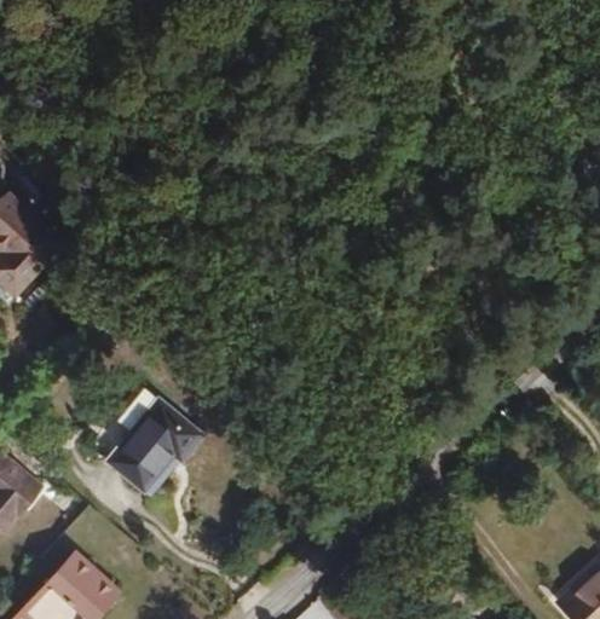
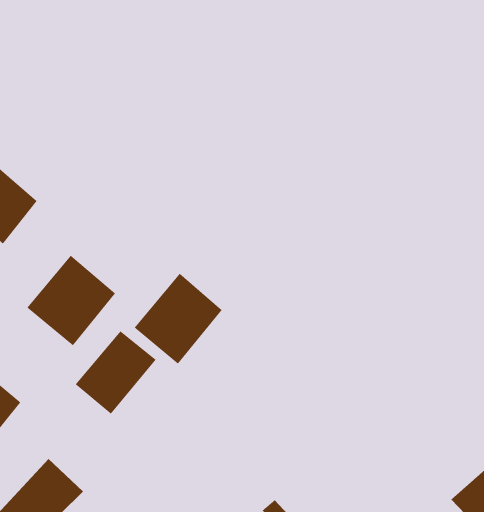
building: none -> [27,255,116,346]
building: none -> [134,273,223,365]

